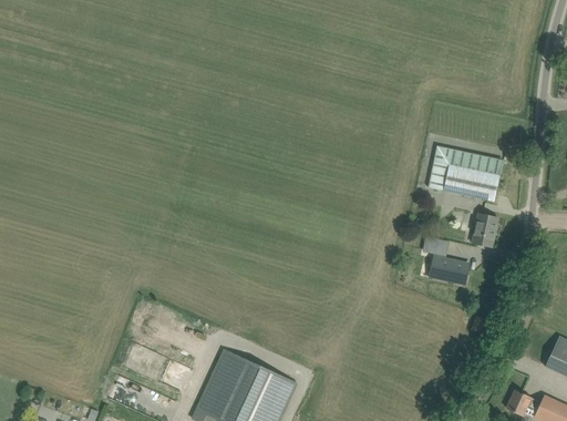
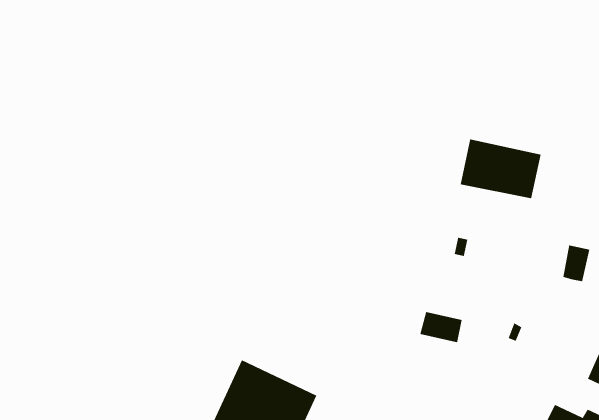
building: [472,213,497,247] -> [562,245,590,282]
building: [429,257,468,286] -> [419,311,463,343]

